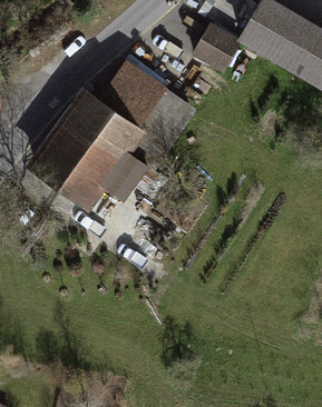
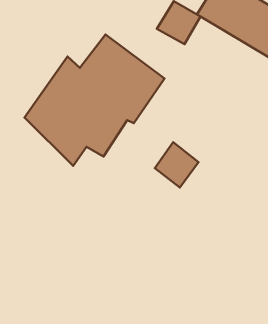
building: none -> [155,142,199,187]

